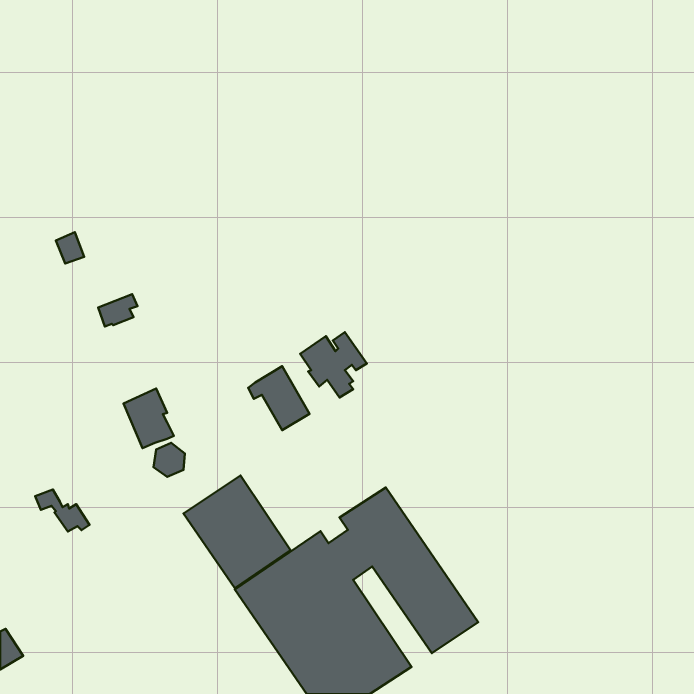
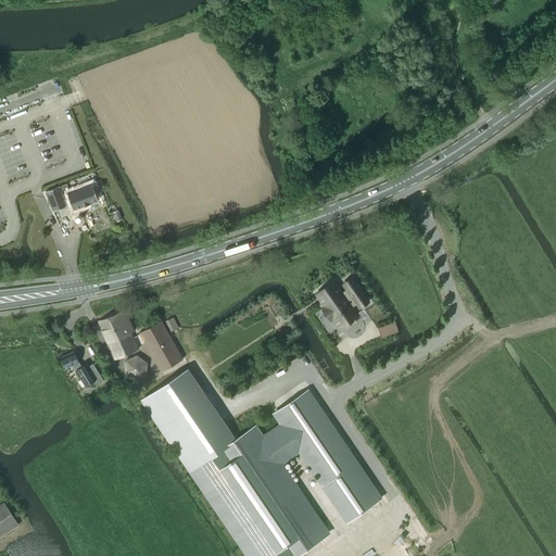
building: [98,294,138,327] -> [71,181,102,207]
building: [300,332,367,397] -> [315,277,368,329]
building: [248,366,309,430] -> [134,320,182,371]
building: [35,489,90,531] -> [60,352,103,386]

